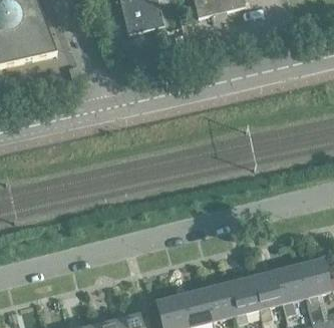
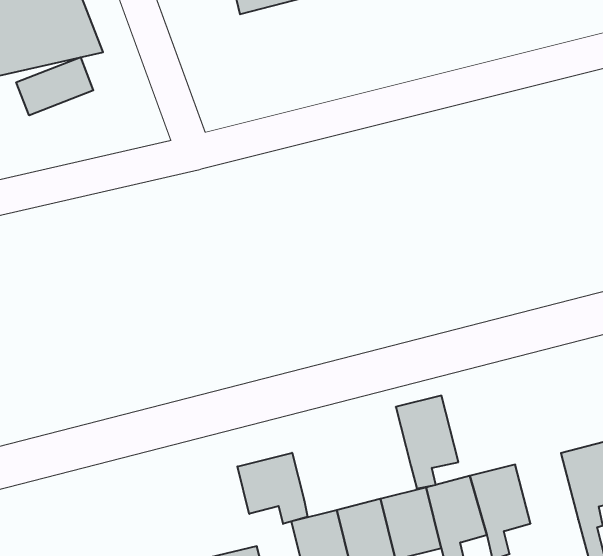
building: none -> [16,57,93,115]
building: none -> [237,453,308,524]
building: [275,265,308,314] -> [396,396,458,489]

